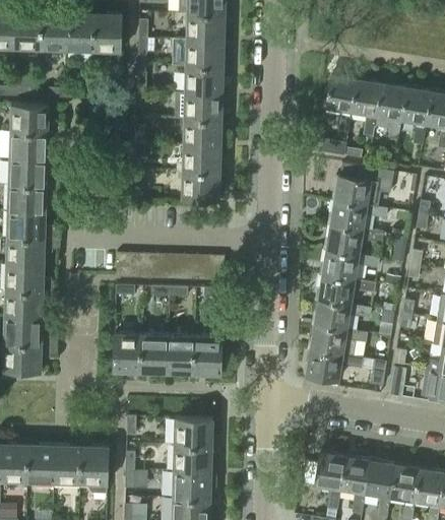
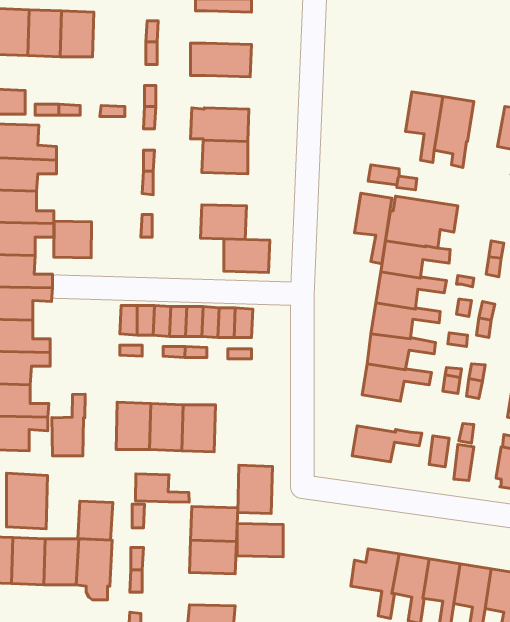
building: [186,13,224,41] -> none
building: [93,14,122,52] -> none
building: [185,66,222,93] -> none
building: [324,75,355,133] -> [355,193,392,264]
building: [400,87,431,145] -> none
building: [183,145,220,173] -> [224,239,270,272]
building: none -> [54,221,92,258]
building: none -> [52,394,85,456]
building: [310,327,367,358] -> none
building: [193,335,221,375] -> [238,465,272,514]
building: none -> [6,473,48,529]
building: none -> [135,474,189,502]
building: none -> [78,501,113,540]
building: [173,472,210,500] -> [237,523,283,557]

